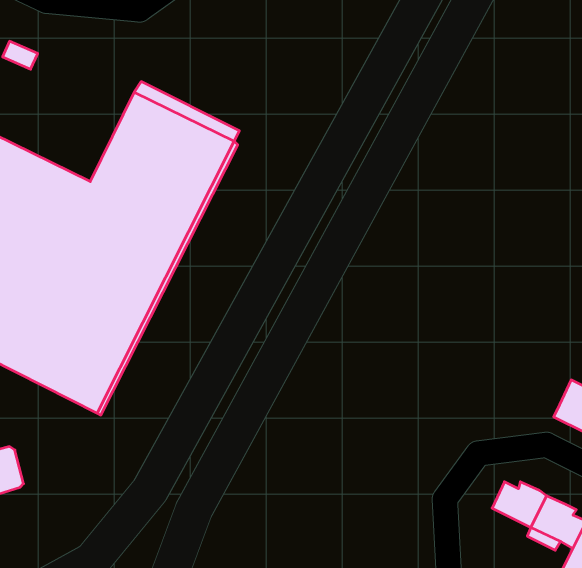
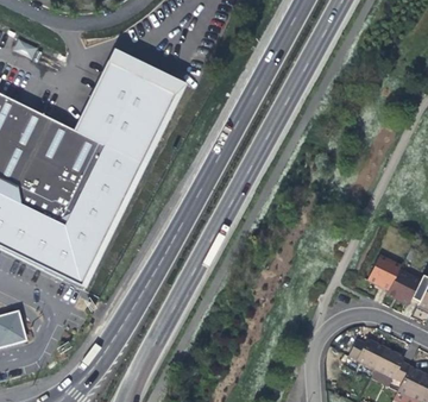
building: none -> [108,54,183,107]
building: none -> [369,252,401,287]

